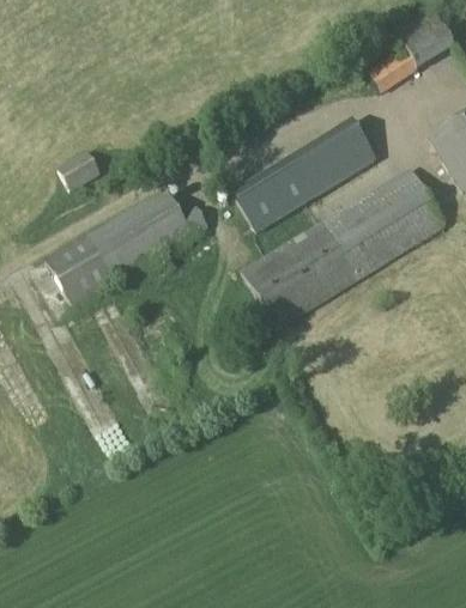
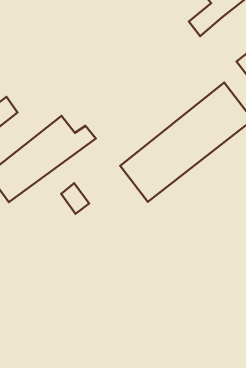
building: [231,118,377,232] -> none
building: none -> [61,183,89,214]

